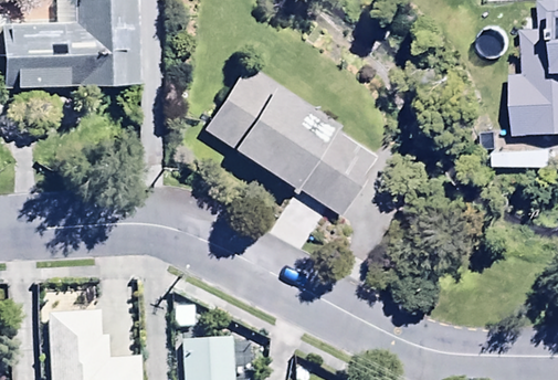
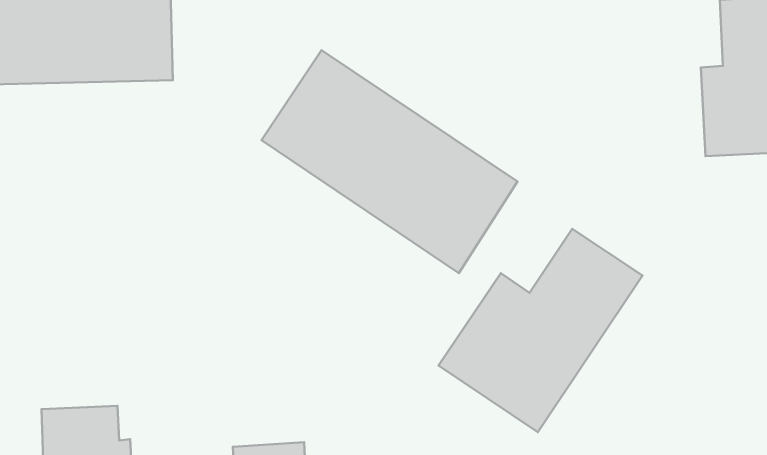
building: none -> [438,229,643,432]

